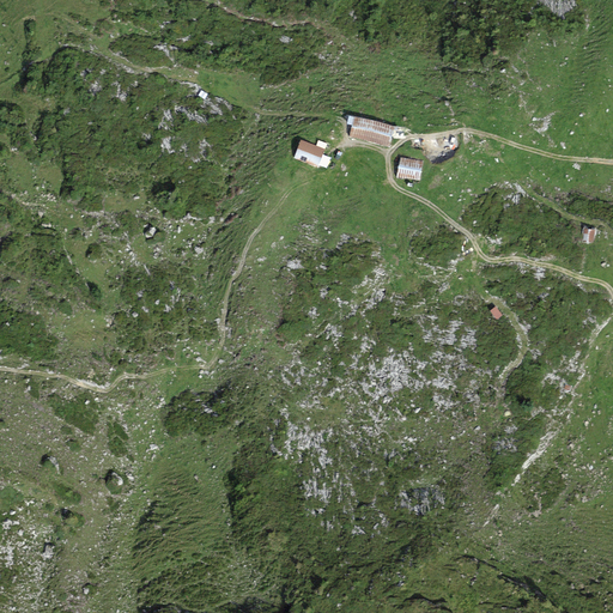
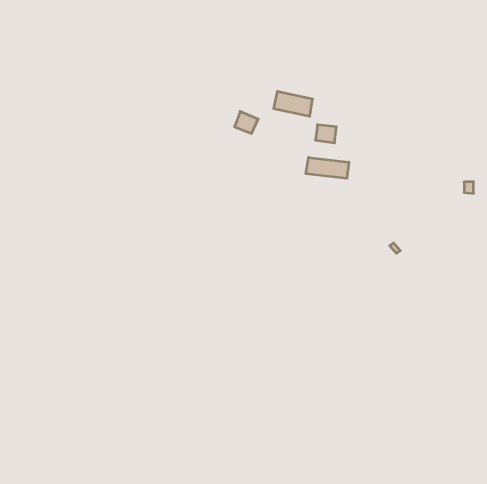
building: none -> [306,157,349,178]

